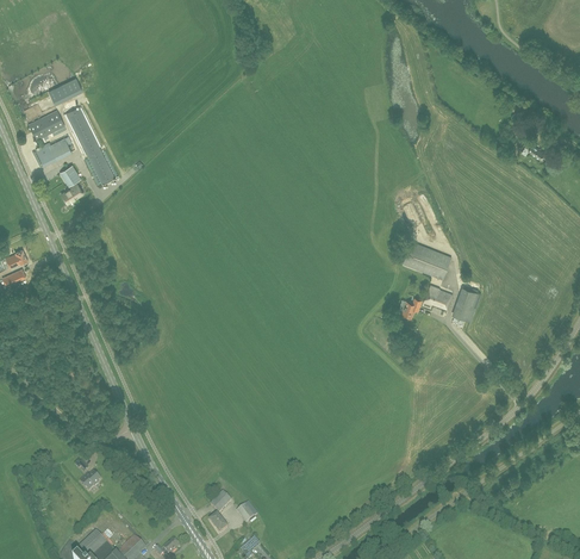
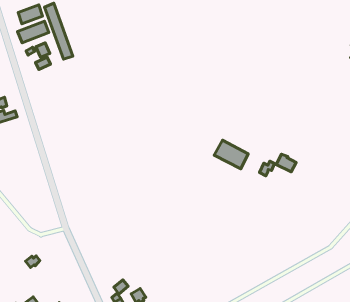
building: [403,241,451,279] -> [214,140,248,169]
building: [454,287,481,322] -> none

